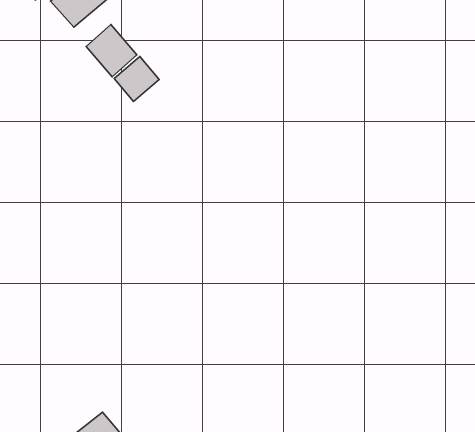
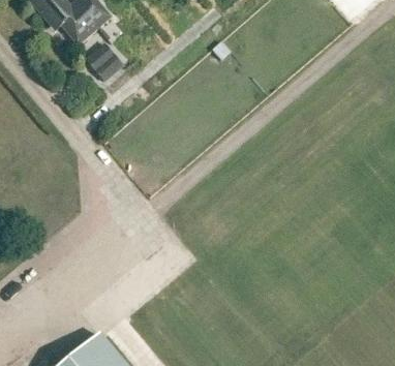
building: [114,56,159,102] -> none

